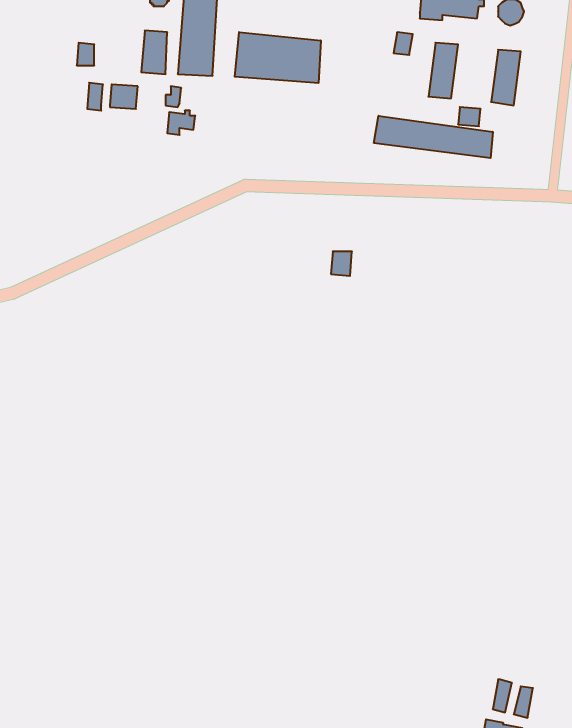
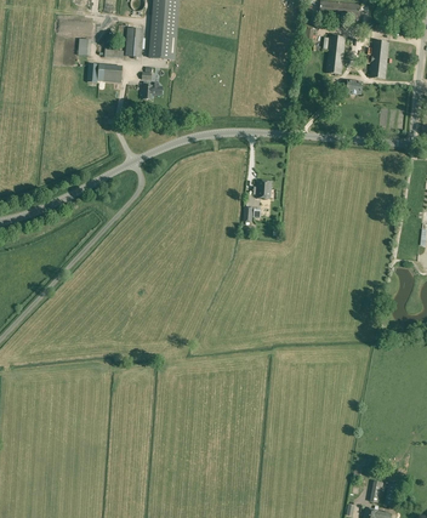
building: [235,32,321,83] -> none
building: [374,116,493,158] -> none

